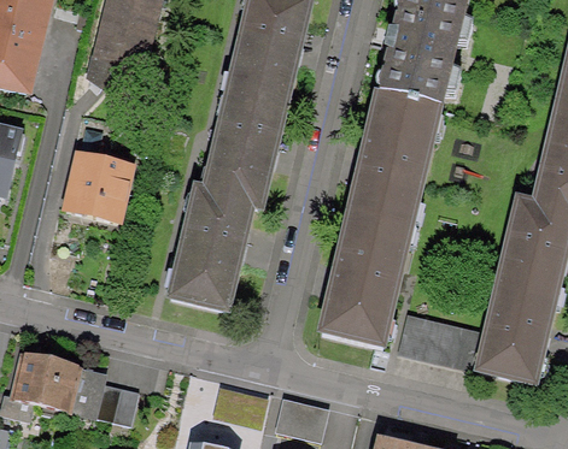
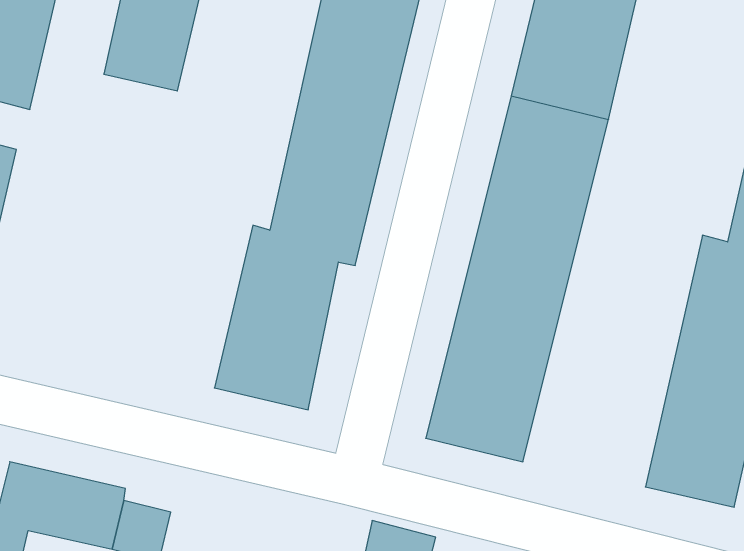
building: [58,148,134,224] -> none
building: [394,313,476,371] -> none

